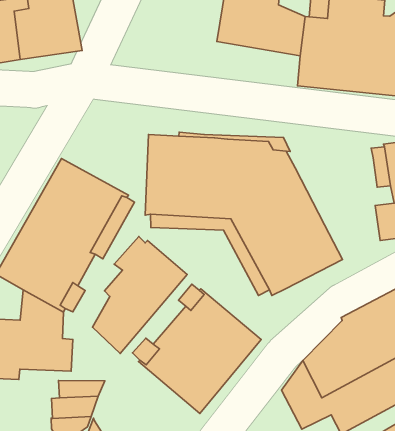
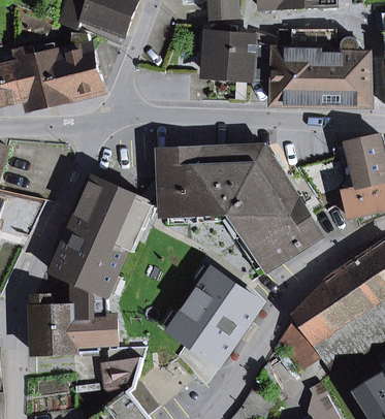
building: [92,236,187,353] -> none

